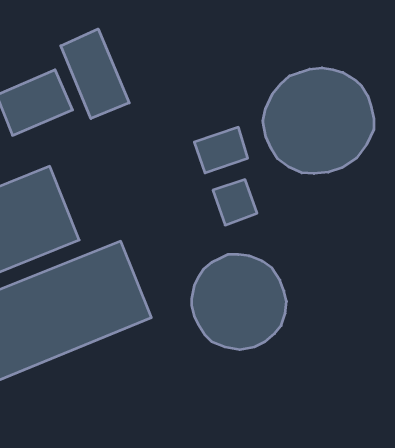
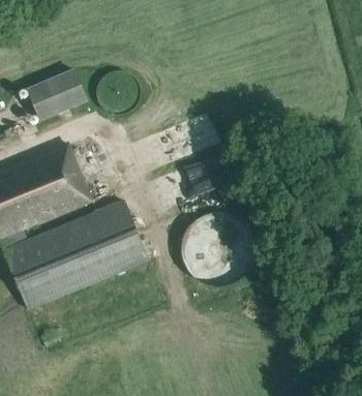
building: [61,29,129,119] -> none
building: [263,68,374,174] -> none

